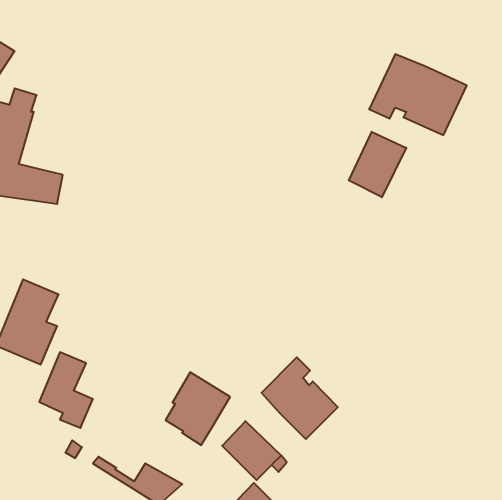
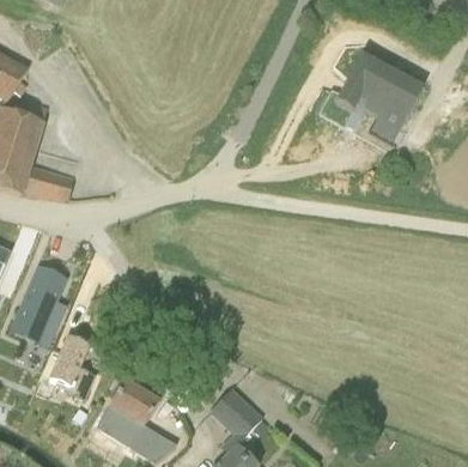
building: [349,132,406,197] -> none
building: [262,357,338,439] -> none
building: [166,372,230,445] -> [102,377,158,441]

